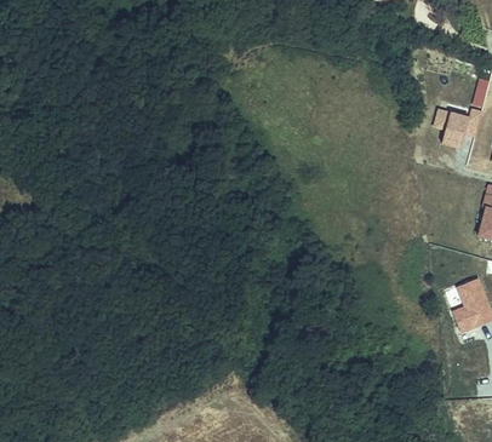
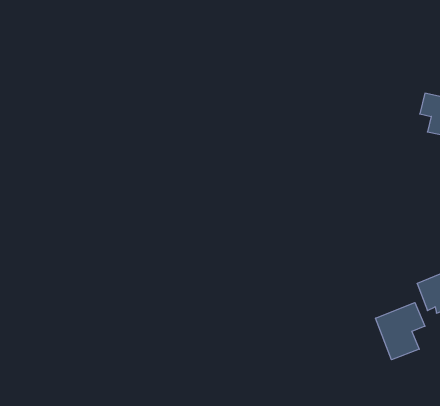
building: none -> [376,303,425,360]

